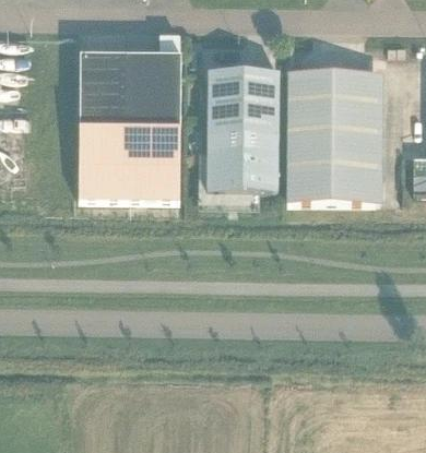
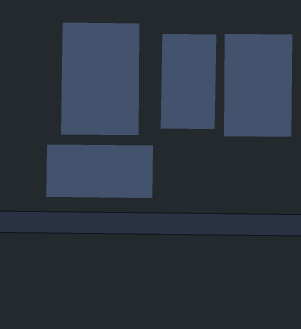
building: none -> [46,144,153,199]

